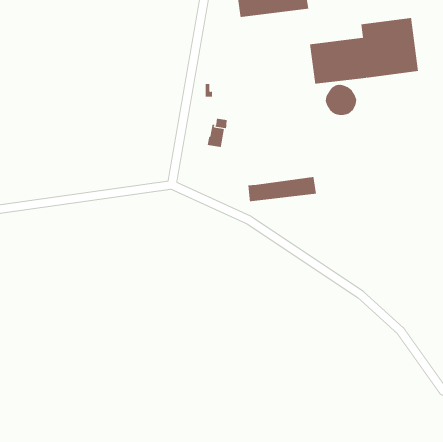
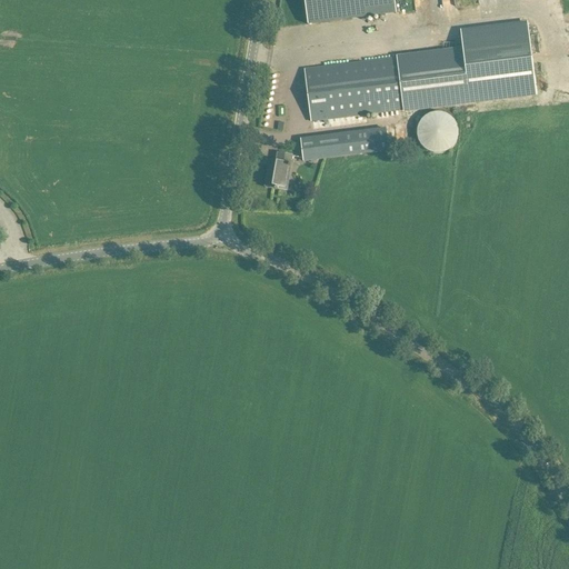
building: none -> [303,57,402,120]
building: [247,177,317,202] -> [300,127,389,159]

